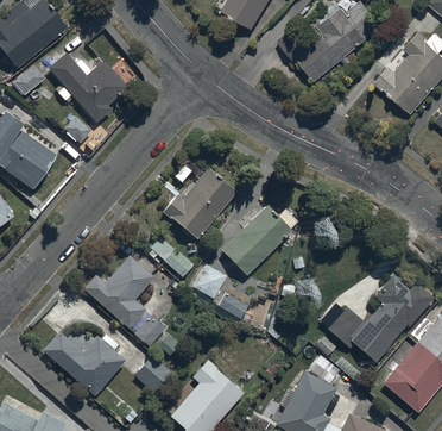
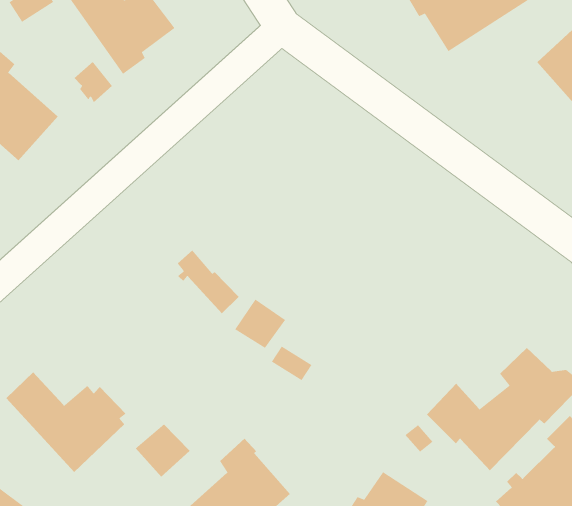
building: [162,168,236,241] -> none
building: [221,206,299,276] -> none
building: [82,255,165,348] -> none

